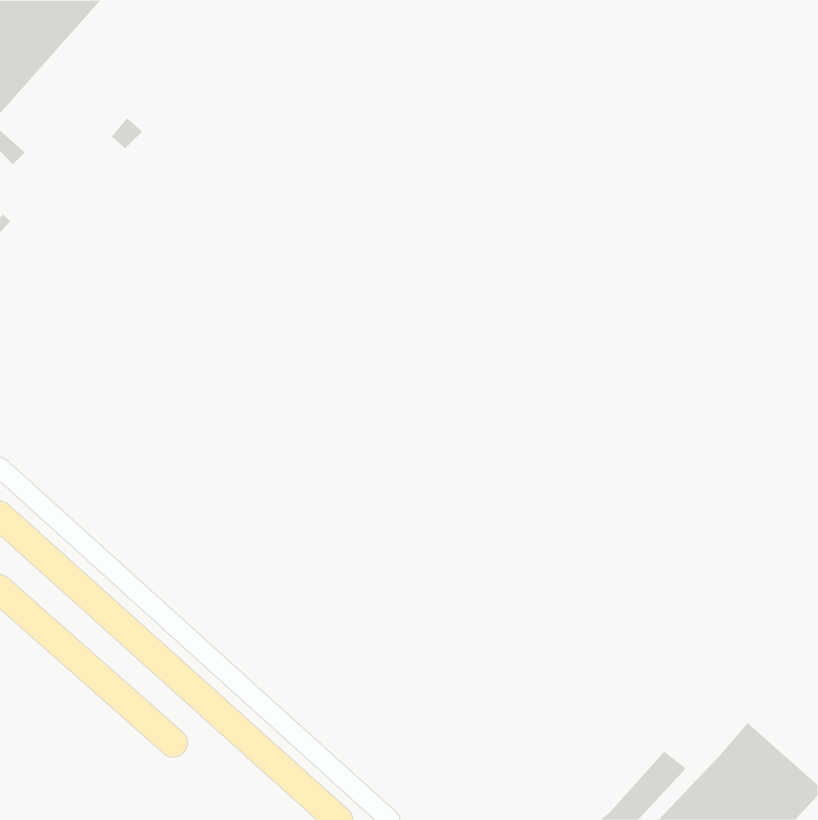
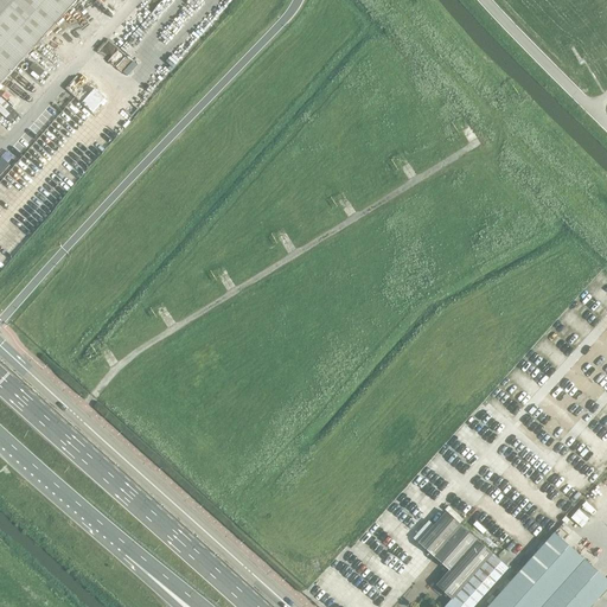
building: none -> [417,512,491,600]

